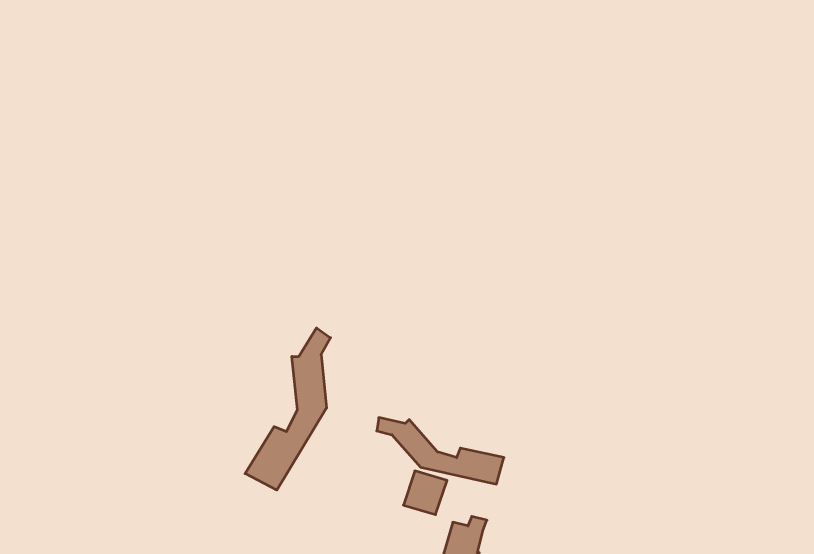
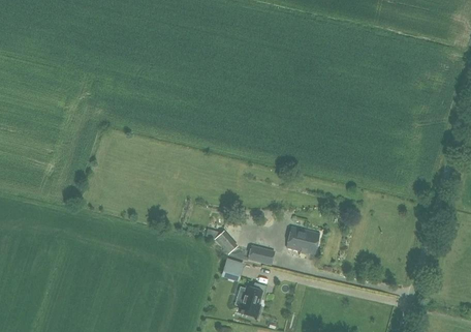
building: [245,328,331,490] -> none
building: none -> [287,228,318,253]

